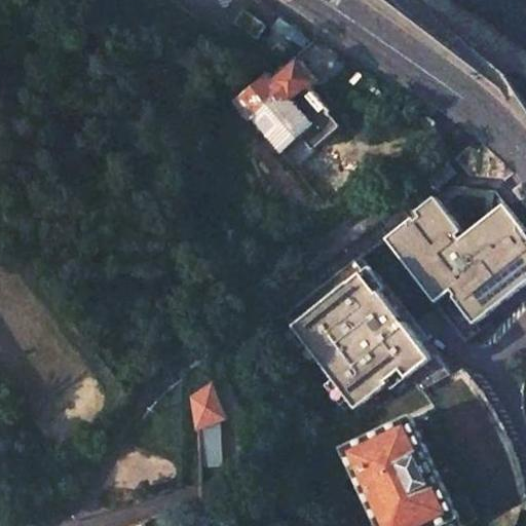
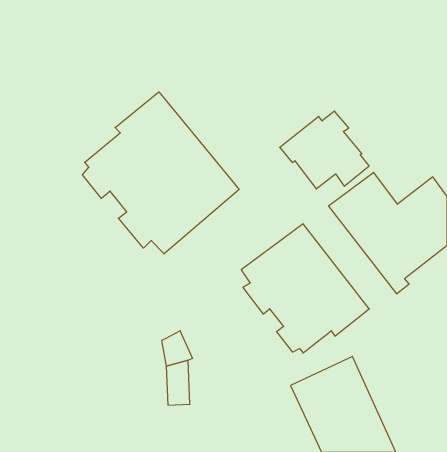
building: [234,60,338,150] -> [280,111,369,189]
building: none -> [82,92,239,254]

